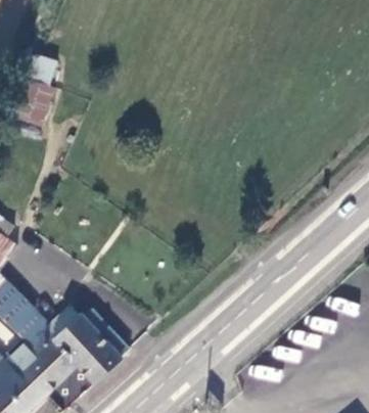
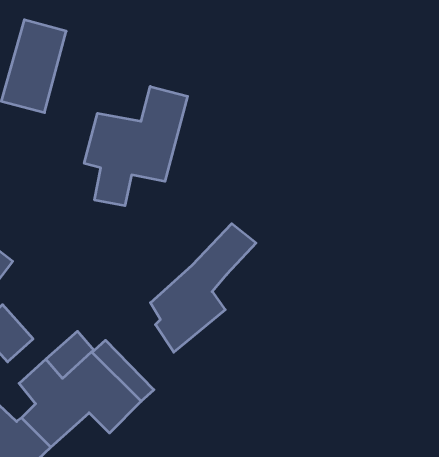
building: none -> [84,86,188,206]
building: none -> [150,224,256,352]

